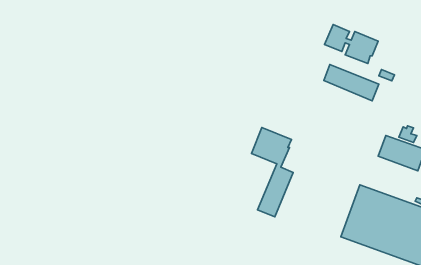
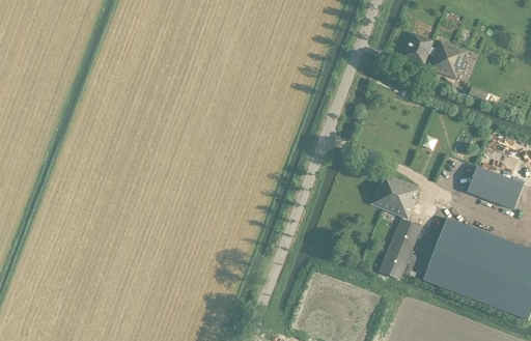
building: [324,65,379,101] -> none
building: [252,127,293,217] -> [371,171,421,278]

